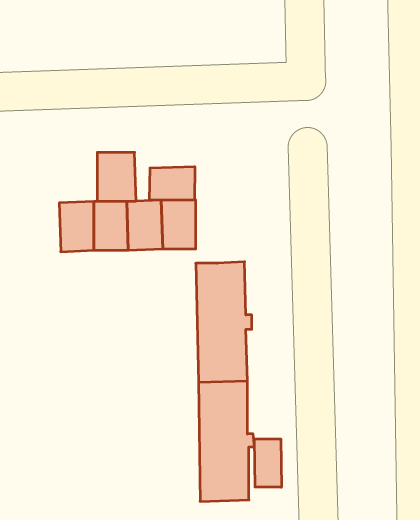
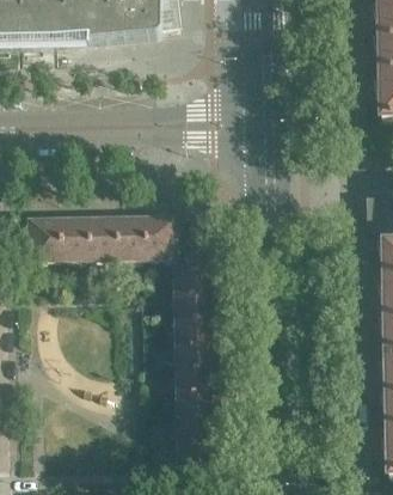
building: [97,152,136,201] -> [27,213,60,253]
building: [150,167,195,200] -> none
building: [254,439,281,487] -> none

